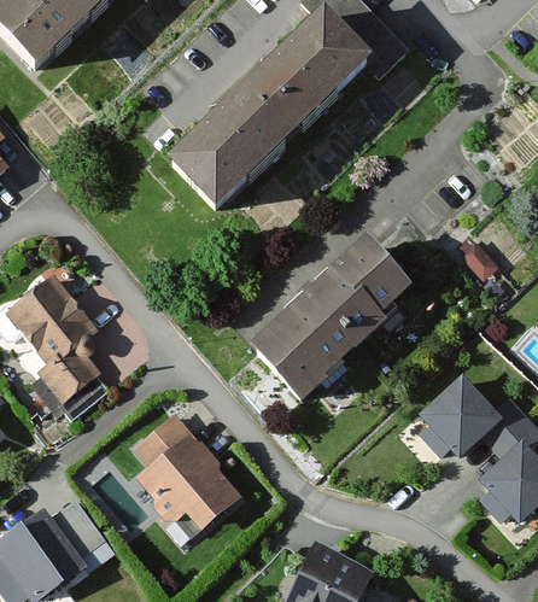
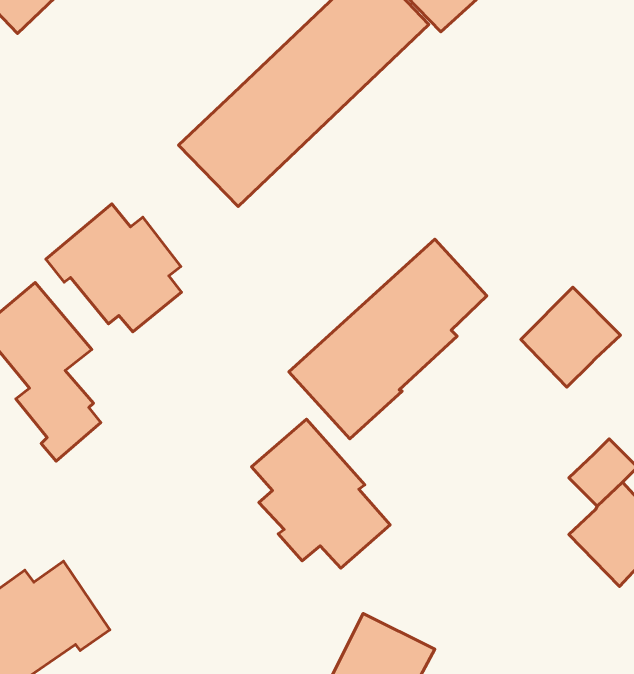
building: none -> [46,204,181,332]
building: [420,374,501,455] -> [521,287,621,387]
building: [127,411,239,532] -> [251,419,390,568]

